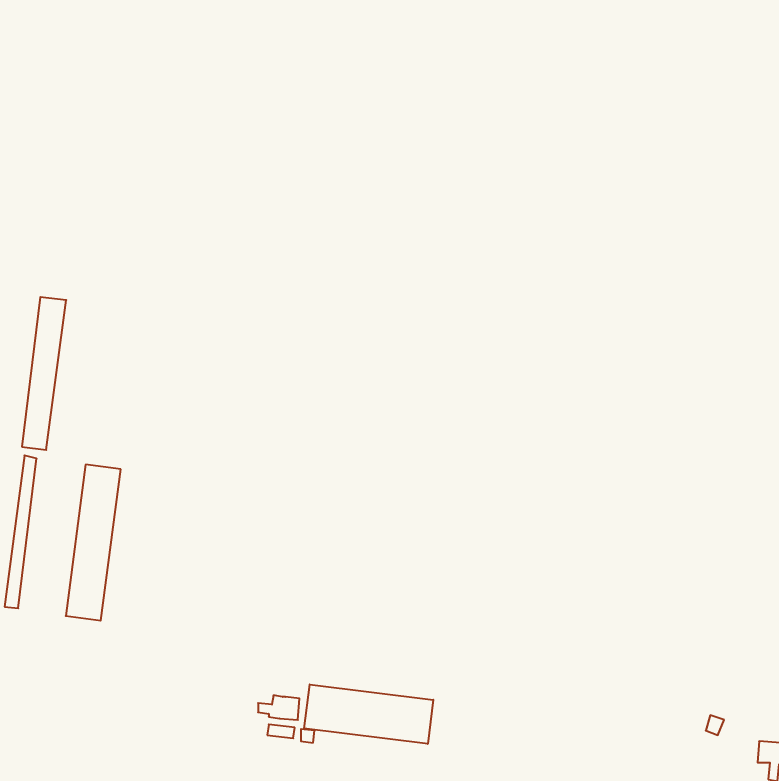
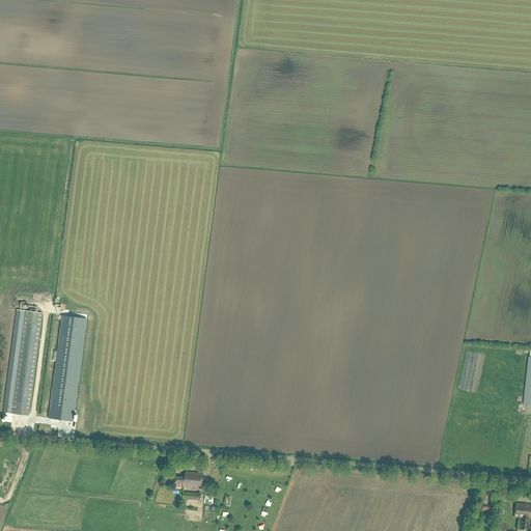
building: [22,297,66,450] -> [13,311,44,415]
building: [304,684,433,744] -> none

